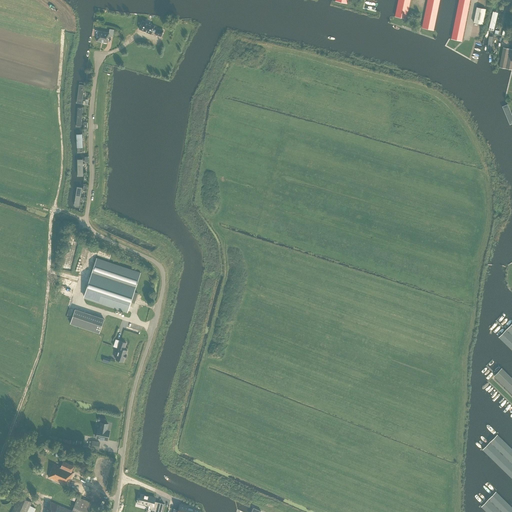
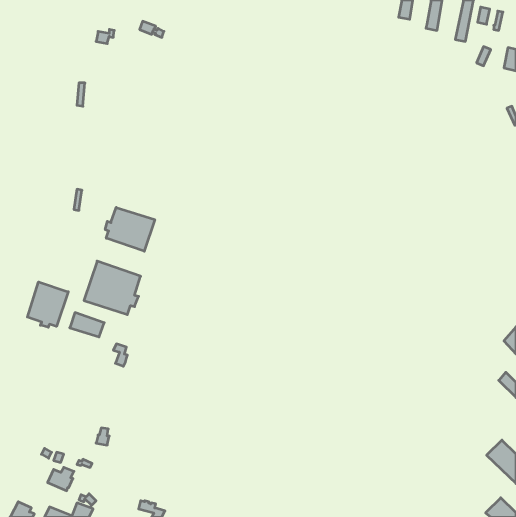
building: none -> [105,207,155,251]
building: none -> [27,282,68,327]

